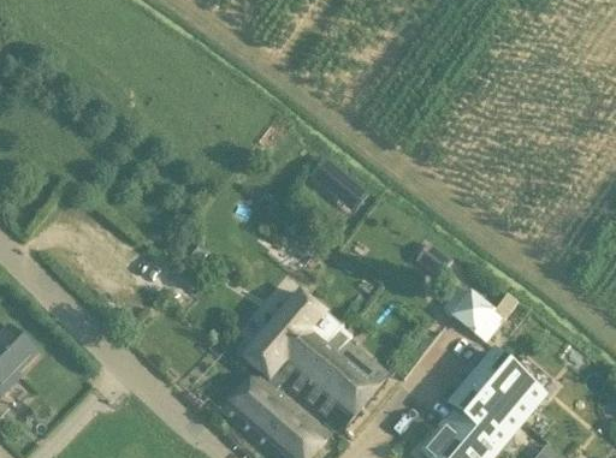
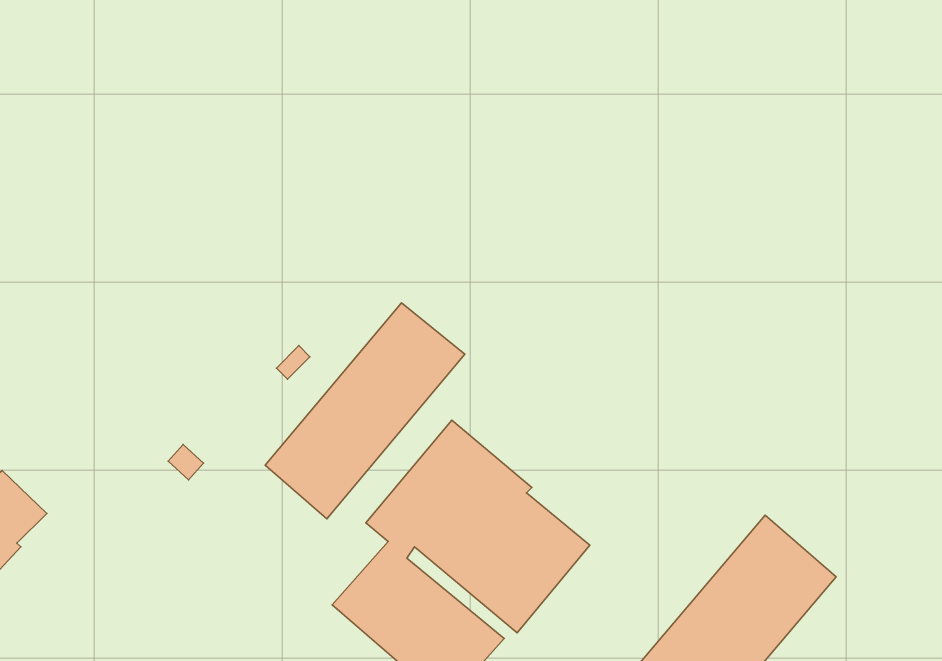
building: none -> [265,303,465,519]
building: [445,276,509,339] -> none

